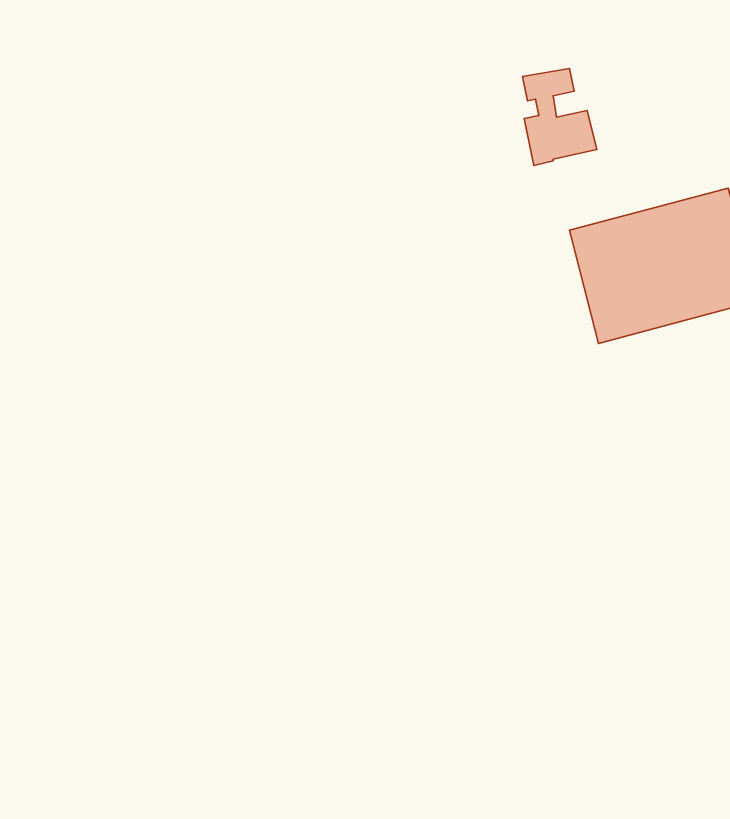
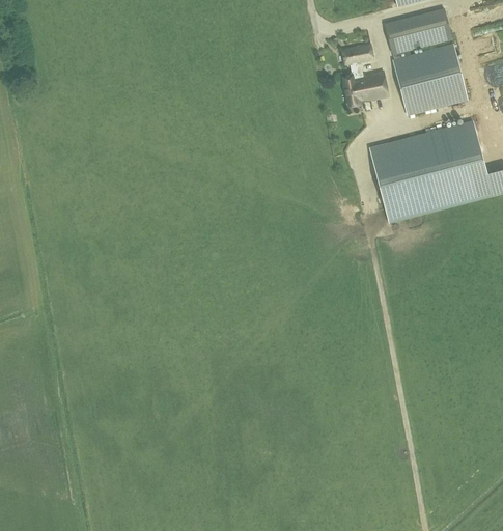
building: none -> [384,8,451,54]
building: none -> [392,45,467,115]

